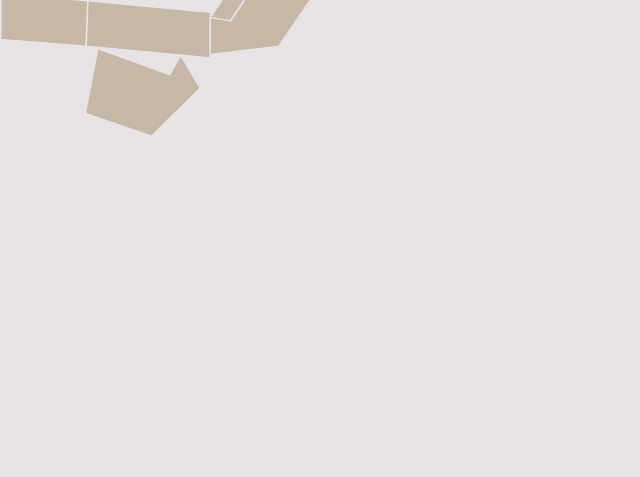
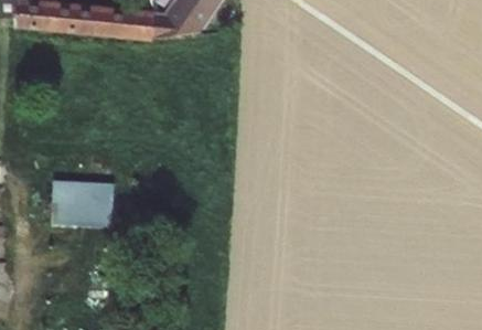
building: [85,48,200,136] -> none
building: none -> [51,177,115,224]

